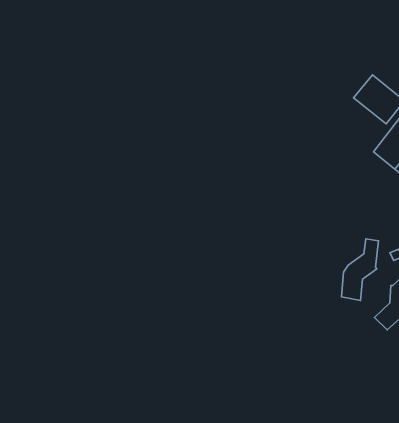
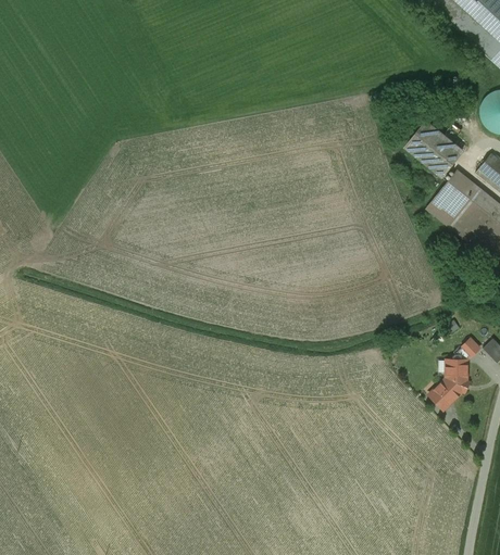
building: [342,239,378,300] -> none

